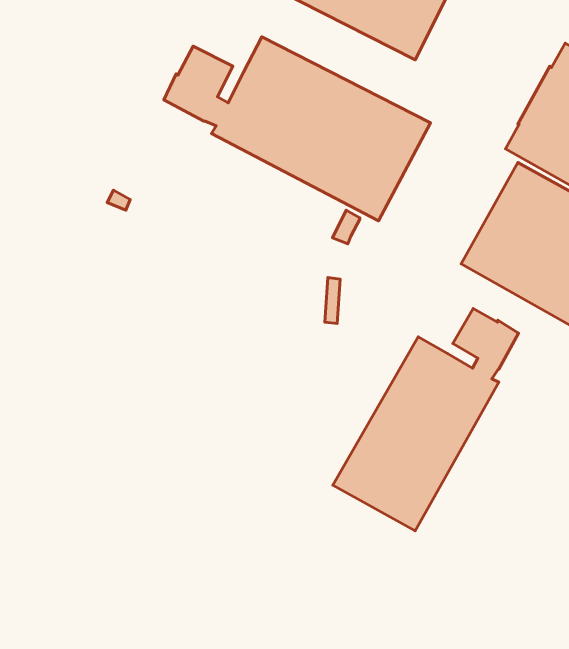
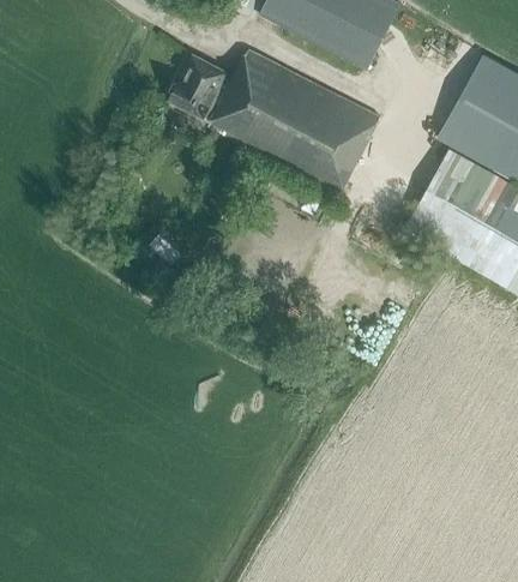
building: [333,309,519,531] -> none

